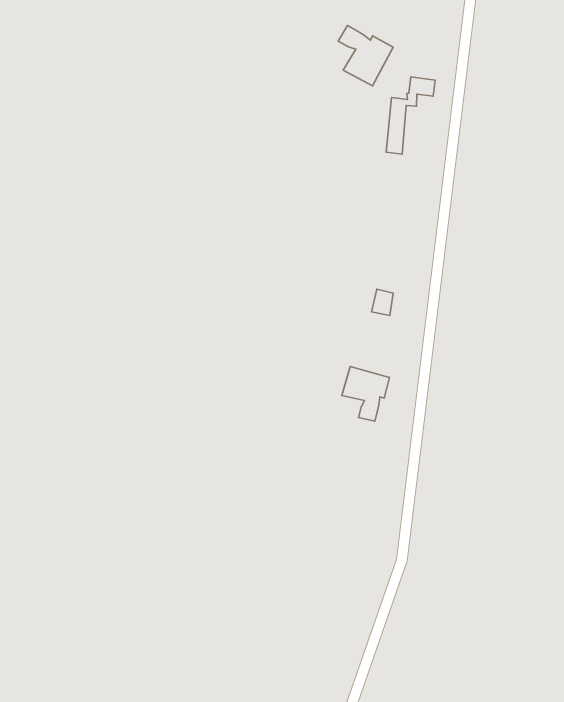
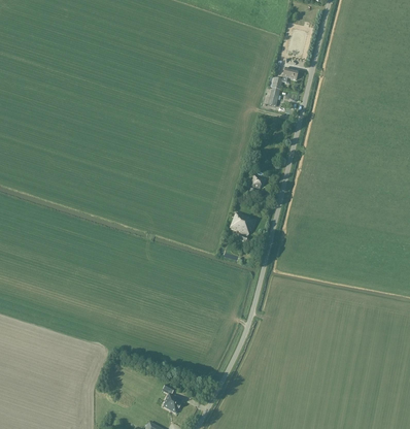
building: [338,25,393,86] -> none

